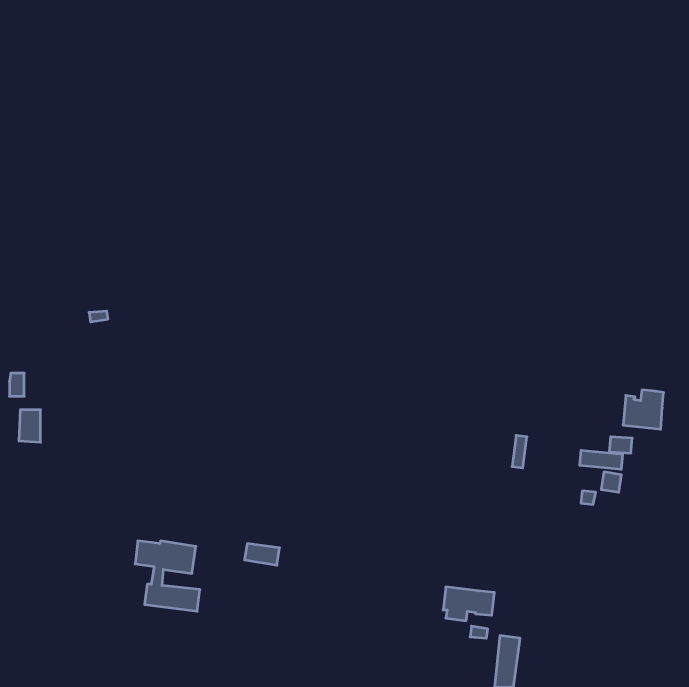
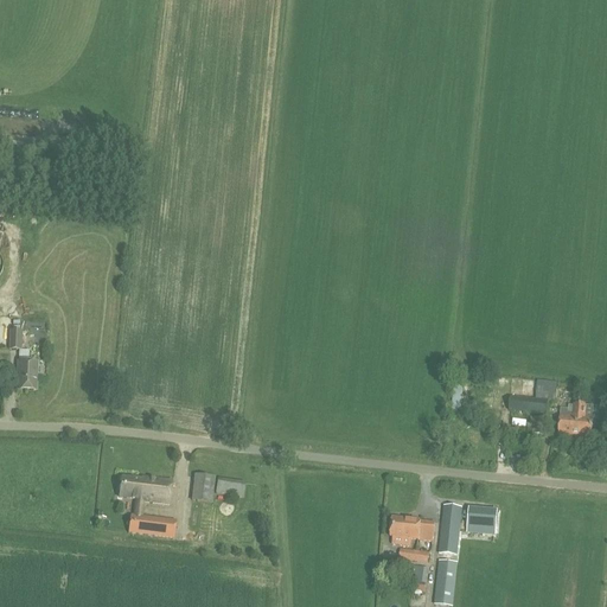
building: [623,390,664,429] -> [557,401,593,435]
building: none -> [191,472,215,500]
building: none -> [437,503,461,552]
building: none -> [466,506,496,531]

